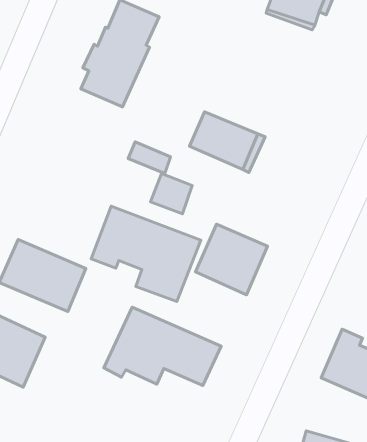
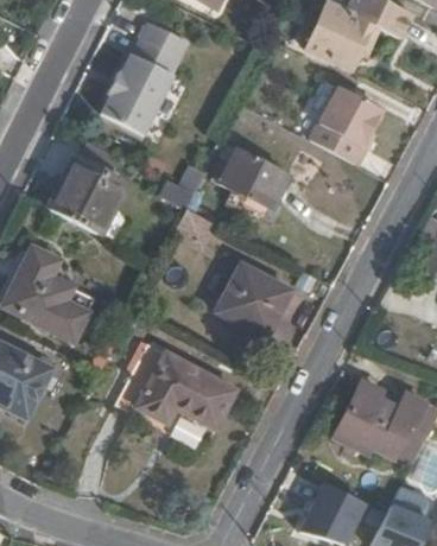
building: none -> [311,90,378,164]
building: none -> [58,163,129,235]
building: [91,206,201,301] -> none

